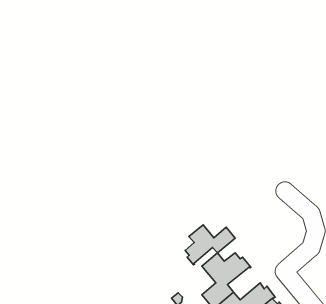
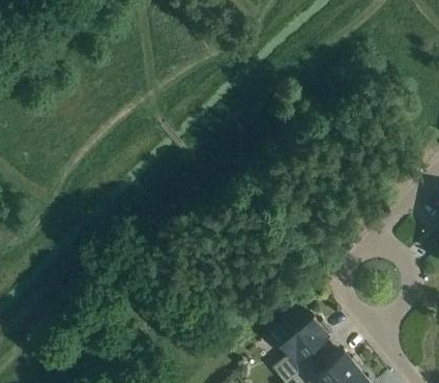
building: [185,225,235,265] -> none

